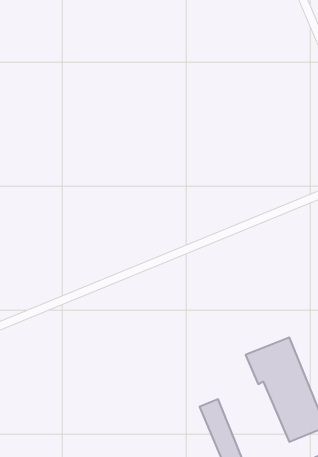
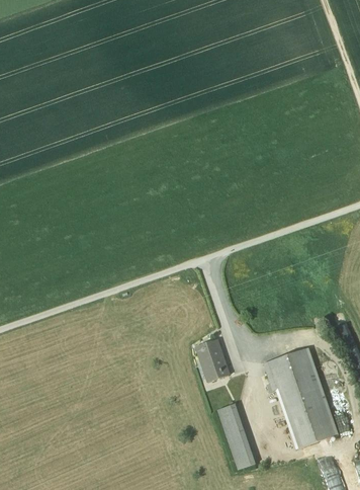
building: none -> [196,339,229,382]

